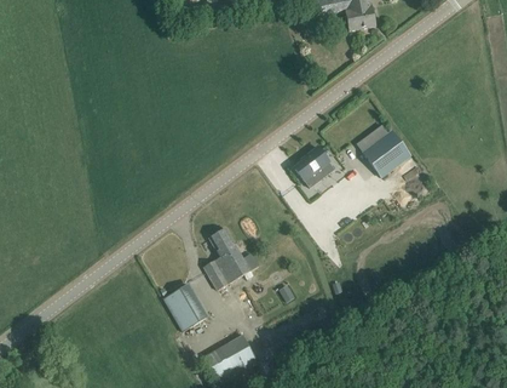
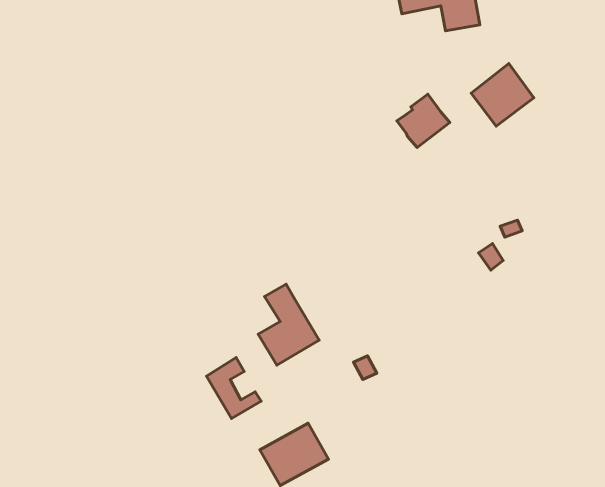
building: [362,129,410,177] -> [471,64,534,126]
building: [294,147,335,188] -> [397,94,450,147]

